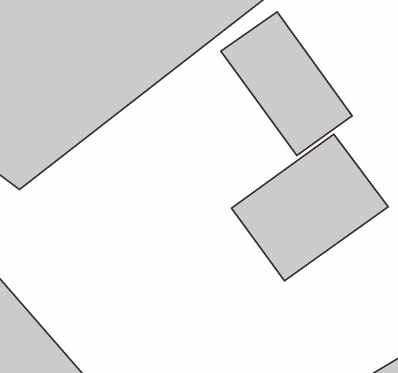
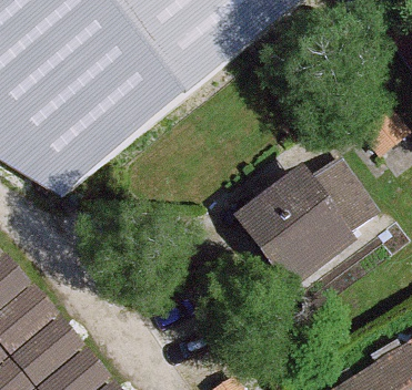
building: [221,12,352,155] -> none

